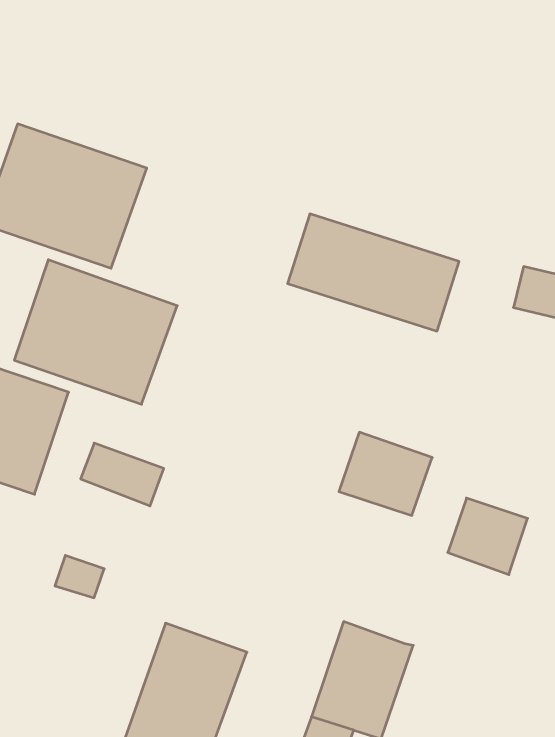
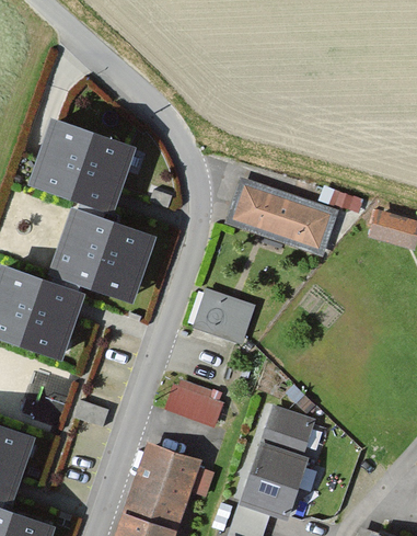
building: [339,432,432,515] -> [194,289,254,343]
building: [81,443,164,506] -> [166,385,220,425]
building: [448,498,528,575] -> [263,406,314,455]

